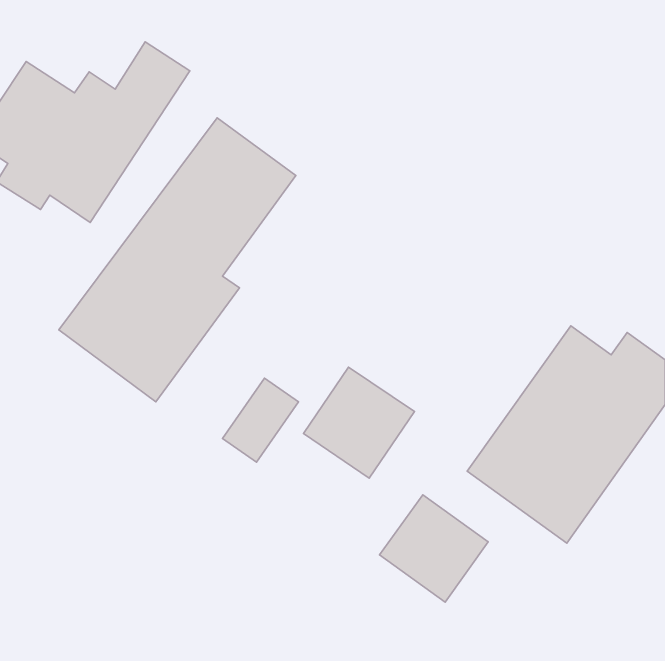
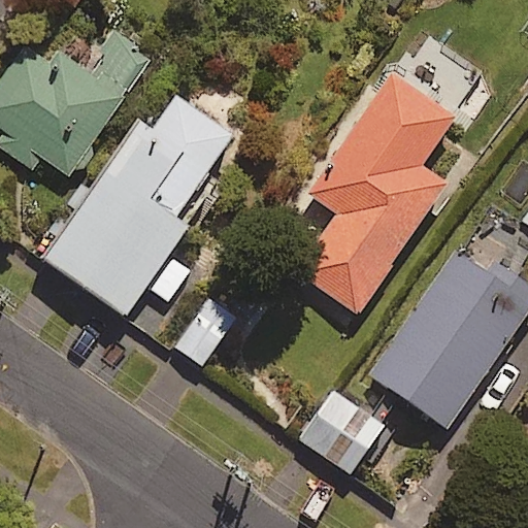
building: none -> [294,82,475,315]
building: [303,367,414,478] -> none

